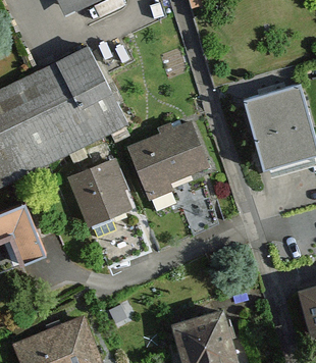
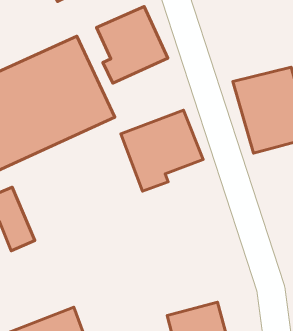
building: none -> [97,7,168,83]
building: [69,158,143,241] -> none

